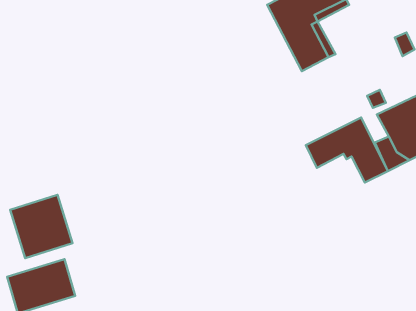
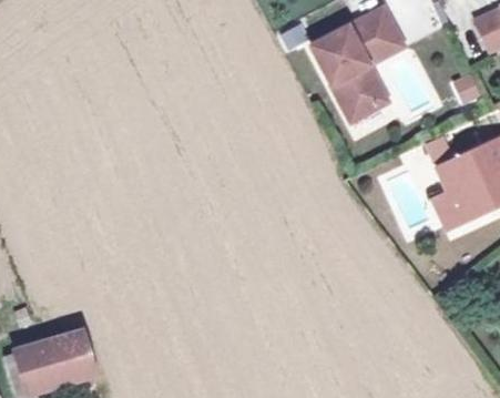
building: [306,118,388,183] -> none
building: [10,195,72,258] -> none

